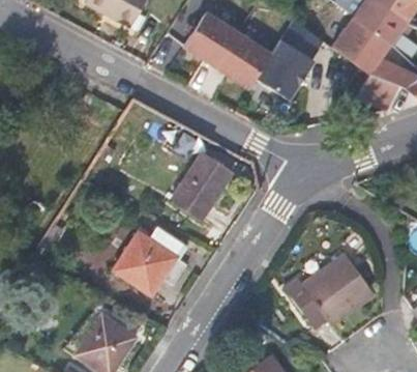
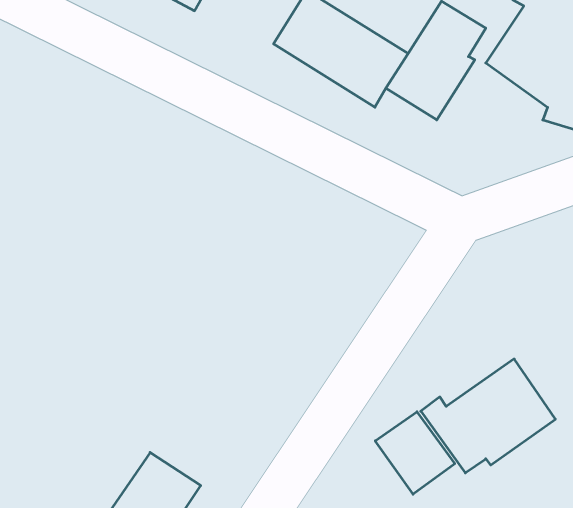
building: [173,154,233,219] -> none
building: [116,225,191,295] -> none
building: none -> [375,412,455,494]

